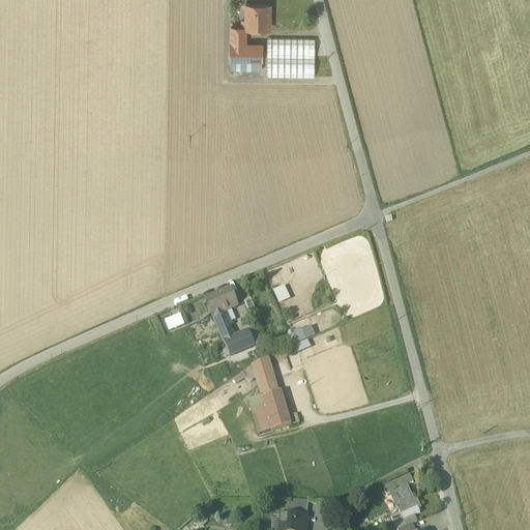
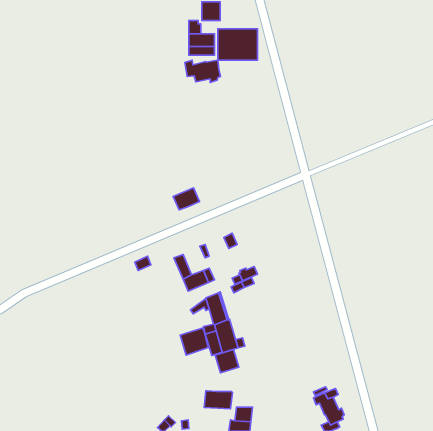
building: none -> [185,60,220,82]
building: [205,288,237,315] -> [173,188,200,210]
building: none -> [180,328,208,355]
building: none -> [215,349,239,373]
building: none -> [204,391,232,409]

